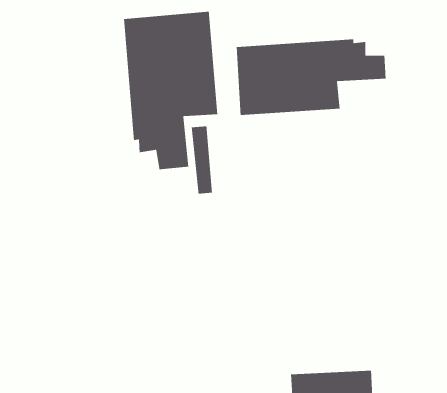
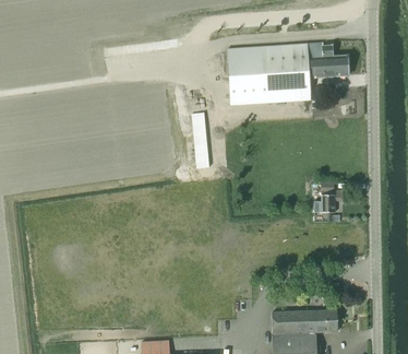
building: [123,11,218,170] -> none
building: none -> [313,185,341,213]

